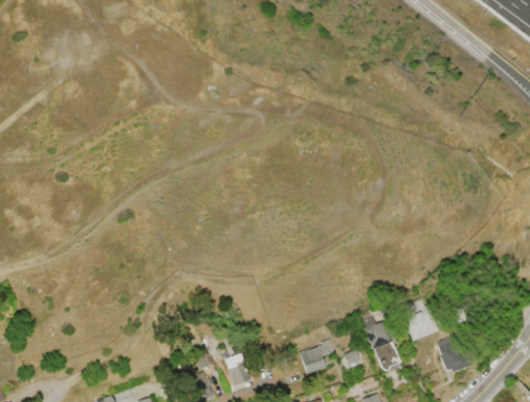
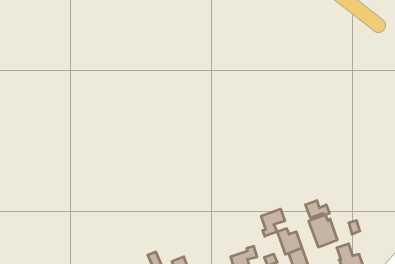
building: none -> [305,200,329,218]
building: none -> [261,209,285,236]

